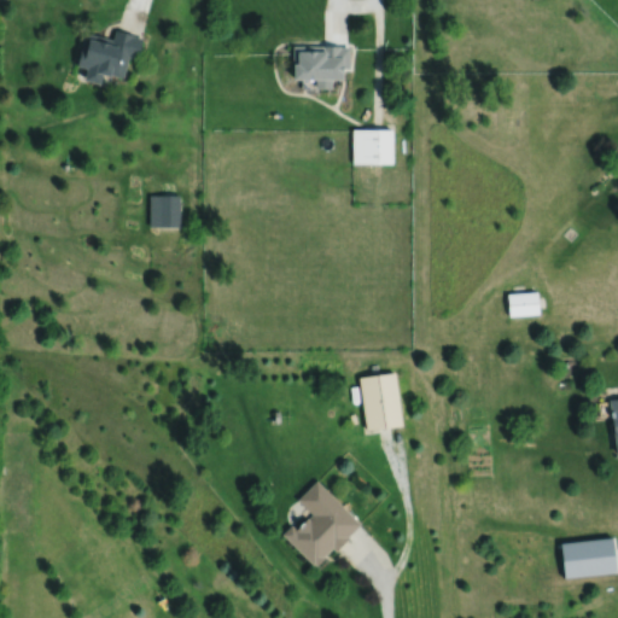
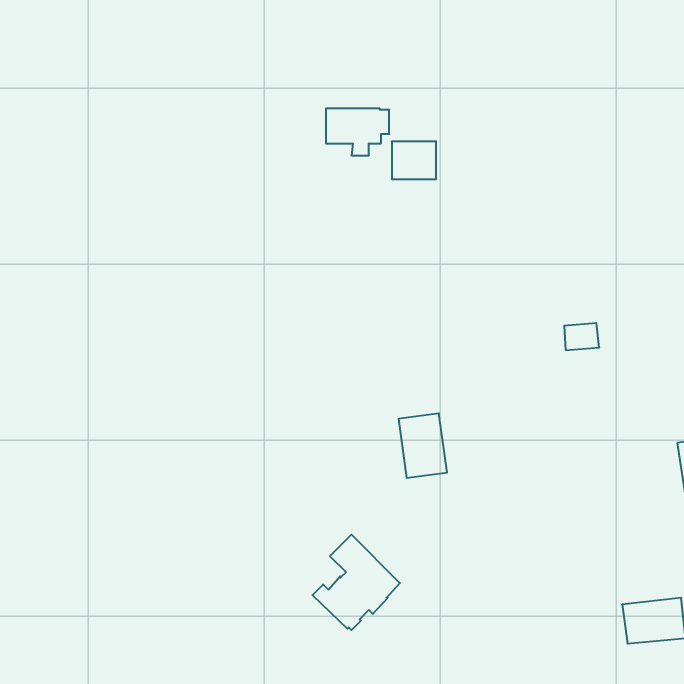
building: [76,30,144,83] -> none
building: [295,46,351,88] -> [326,108,389,155]
building: [151,197,181,228] -> none

